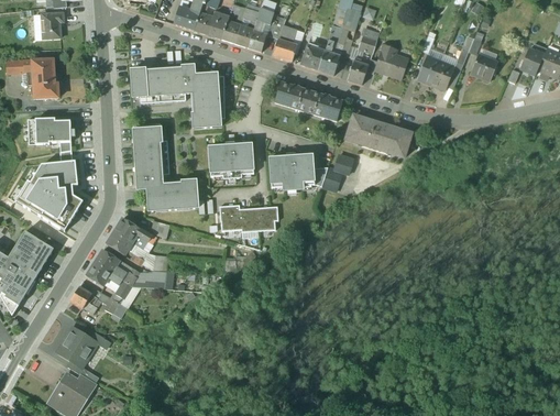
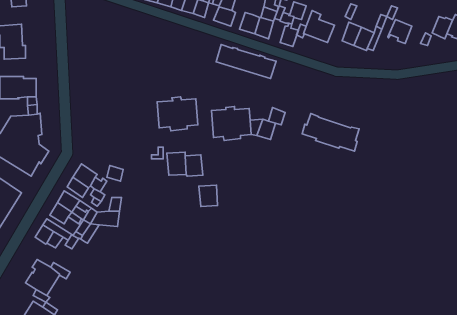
building: [131,64,224,128] -> none
building: [345,113,410,156] -> [302,113,359,151]
building: [133,122,198,210] -> none
building: [257,206,278,230] -> [199,185,217,206]

